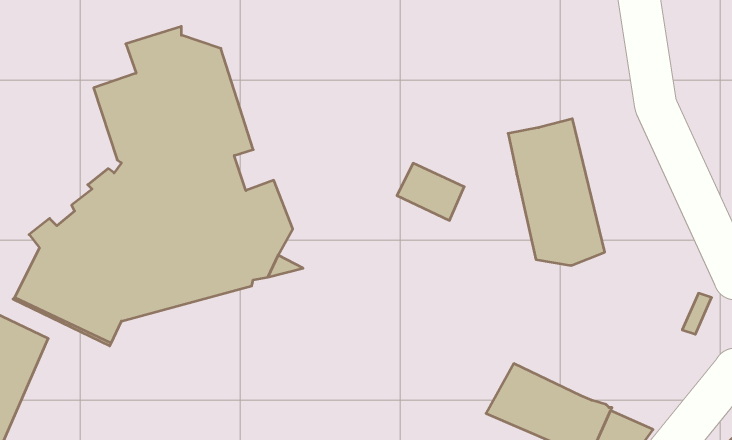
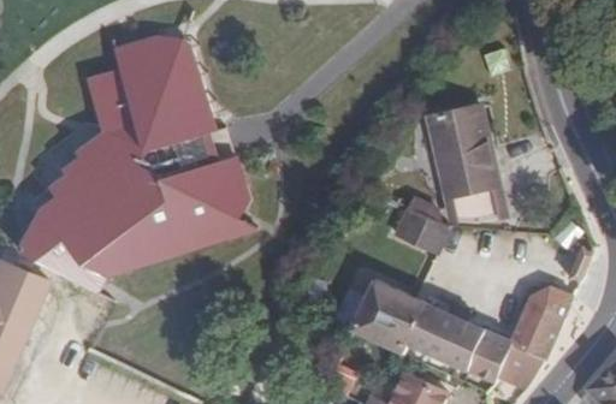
building: [397,163,464,220] -> [395,207,450,254]
building: none -> [351,279,431,354]
building: none -> [509,284,574,358]

